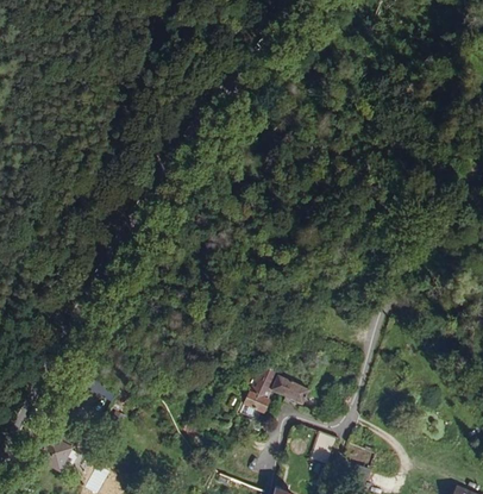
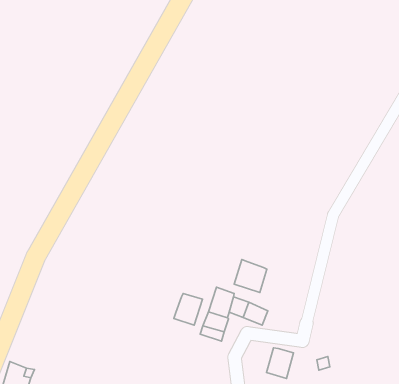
building: none -> [234,260,267,292]
building: none -> [174,293,203,325]

